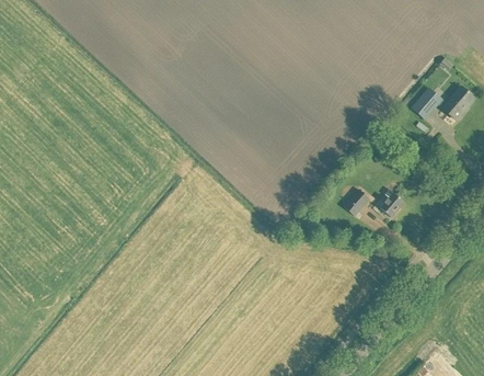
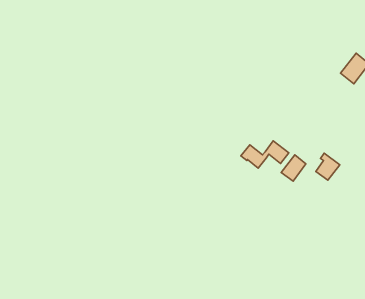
building: none -> [241,141,289,168]

